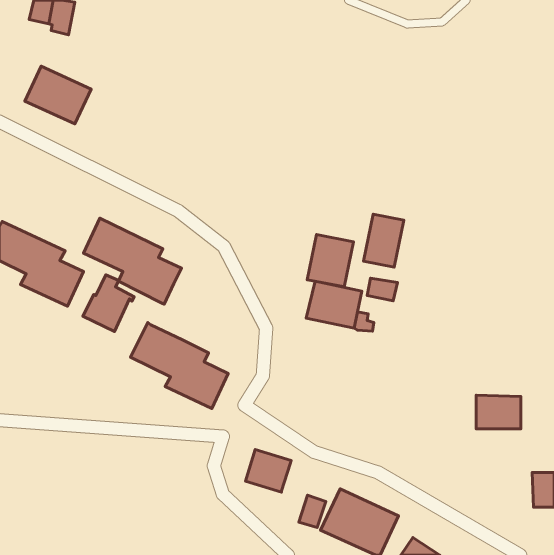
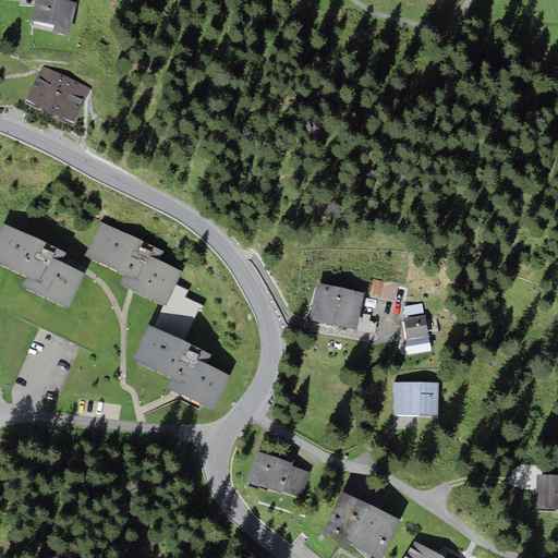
building: [363,214,404,267] -> none
building: [307,235,354,287] -> none
building: [83,275,134,331] -> [151,284,203,341]
building: none -> [401,315,427,341]
building: [476,395,521,429] -> [392,381,437,415]
building: [299,495,326,528] -> [282,465,310,498]

